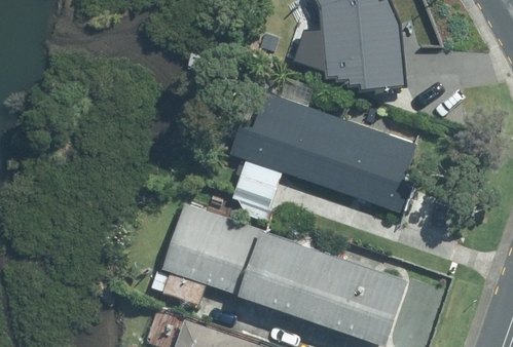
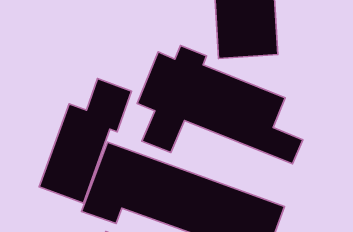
building: none -> [39,79,132,203]

